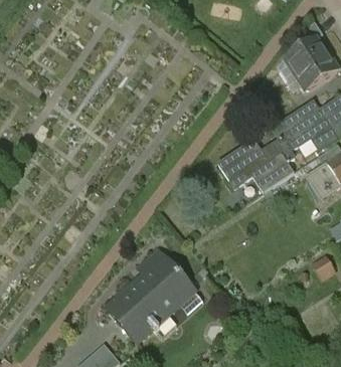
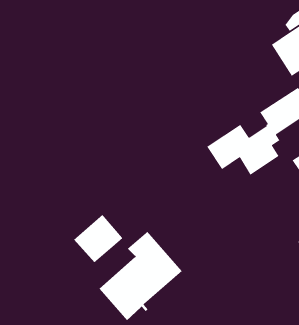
building: none -> [73,214,123,263]

